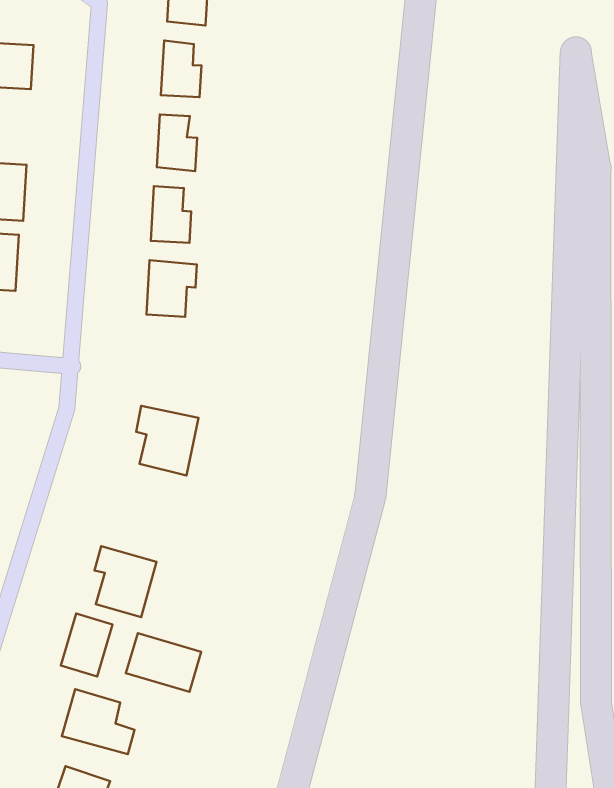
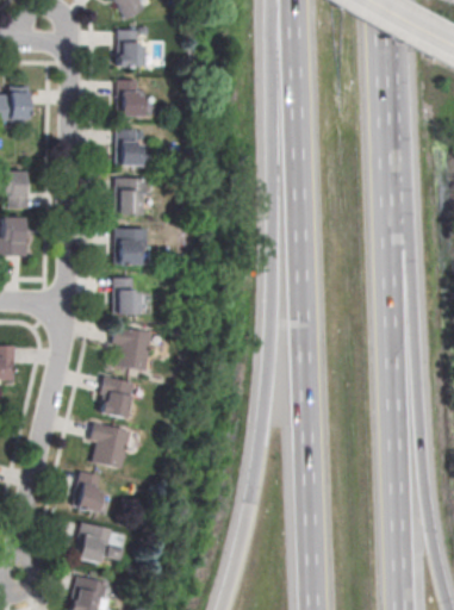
building: none -> [113,279,141,316]
building: none -> [97,375,135,419]
building: [126,633,201,692] -> none

